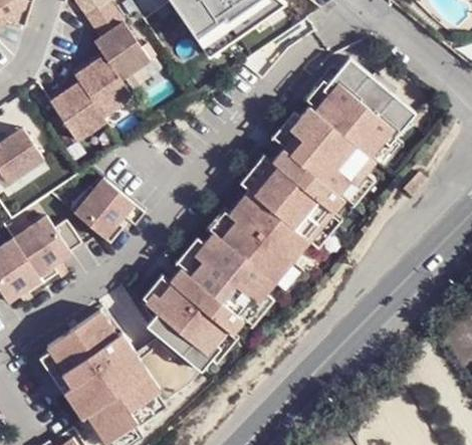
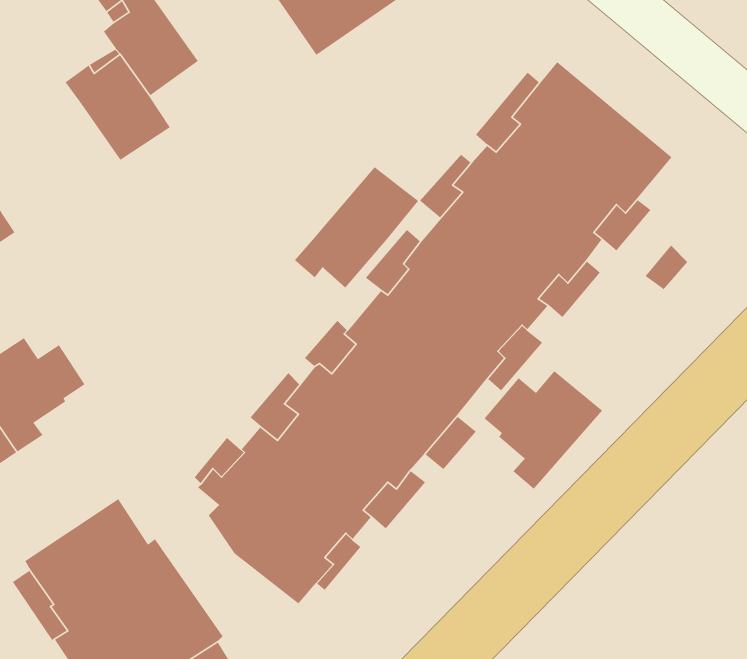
building: [46,81,102,141] -> none
building: none -> [294,166,419,288]
building: [67,180,142,245] -> none
building: none -> [484,370,603,490]

